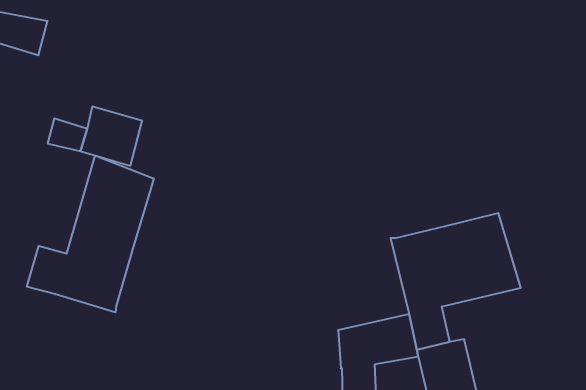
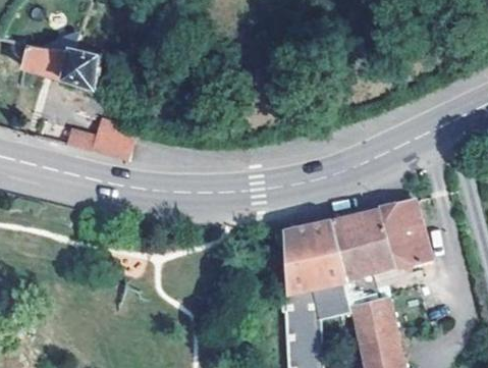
building: none -> [57,46,96,87]
building: [27,156,154,312] -> none
building: none -> [285,219,344,291]

